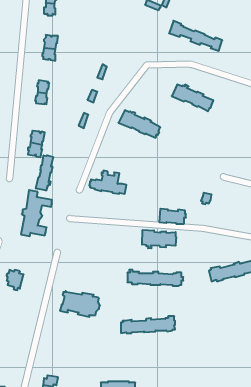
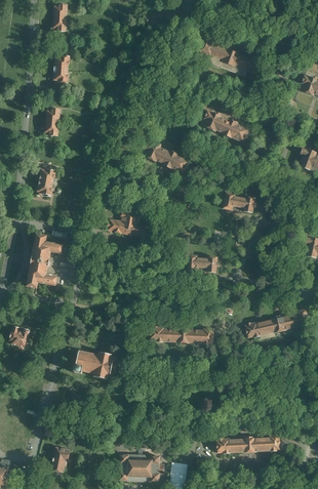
building: none -> [224,193,256,212]
building: [36,155,53,191] -> none
building: [142,230,176,248] -> none
building: [121,316,175,333] -> [216,435,279,454]

